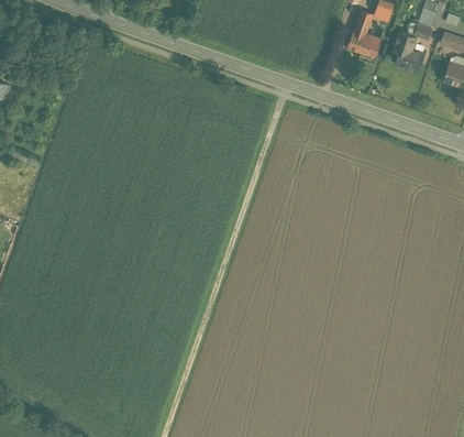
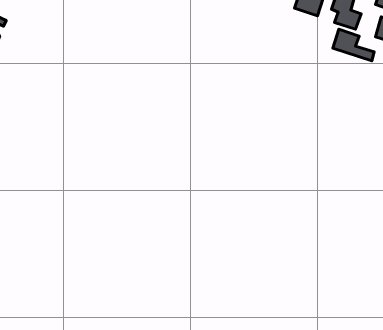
building: none -> [333,29,374,61]

